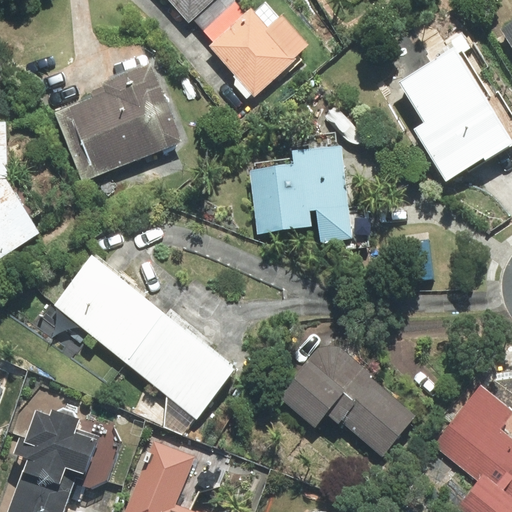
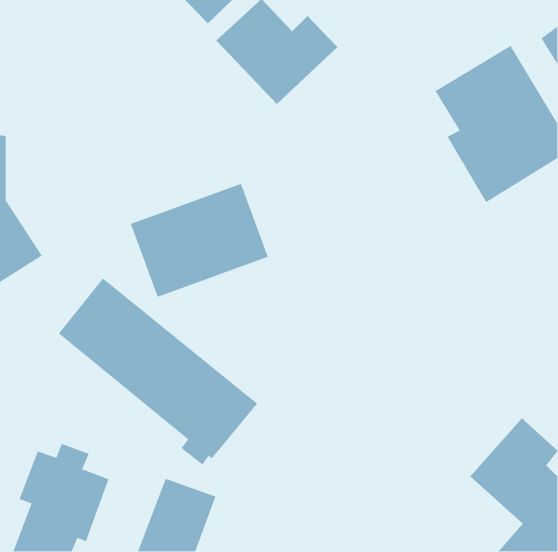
building: [55,76,182,181] -> [130,183,269,298]
building: [249,148,366,252] -> none
building: [277,331,413,456] -> none

